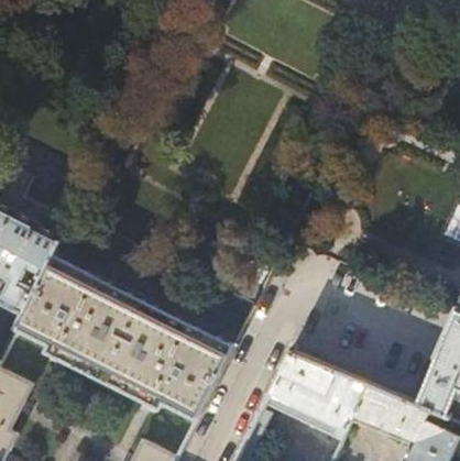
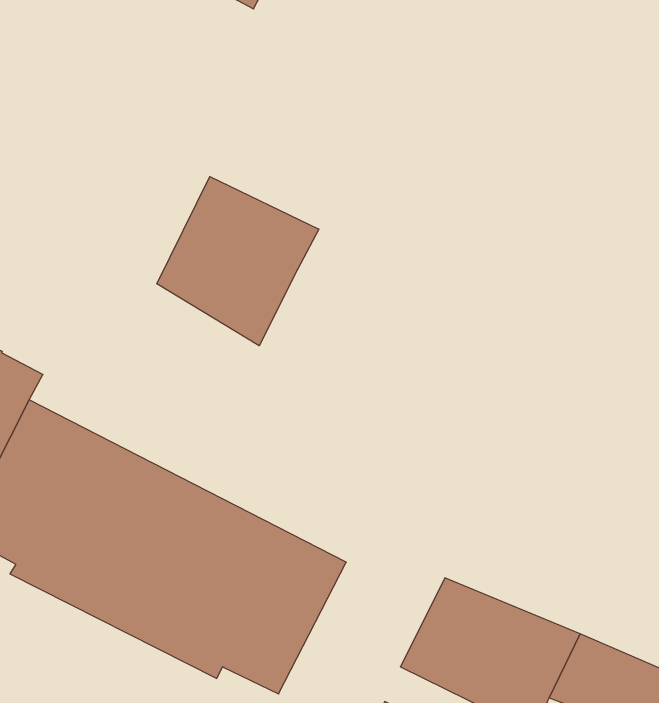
building: none -> [157,177,319,346]

